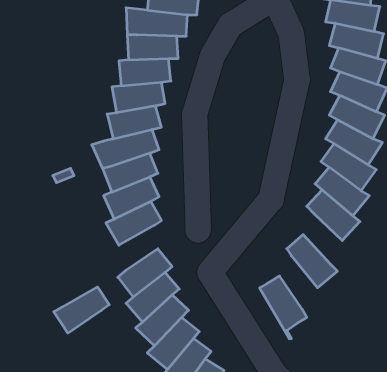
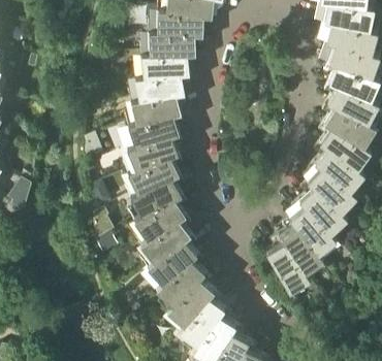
building: none -> [299,193,345,237]
building: none -> [279,230,322,276]
building: [54,287,109,333] -> [136,203,185,243]

